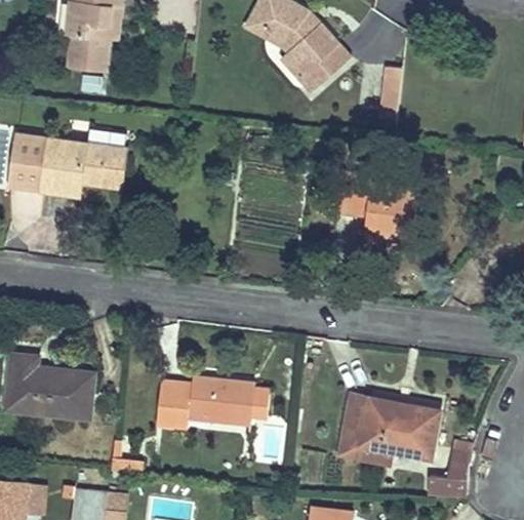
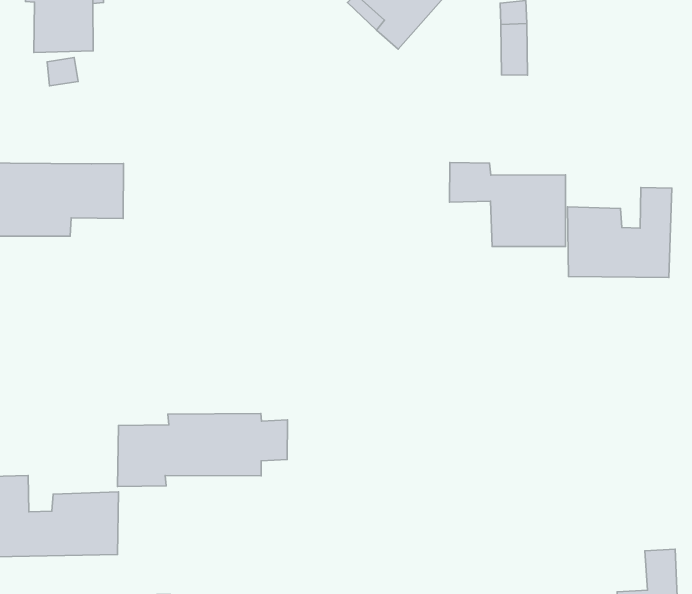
building: none -> [567,187,672,278]
building: [155,376,274,425] -> [117,413,287,487]
building: [337,394,437,458] -> none

